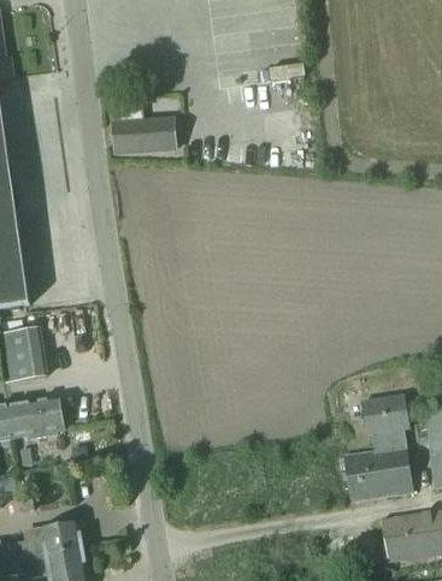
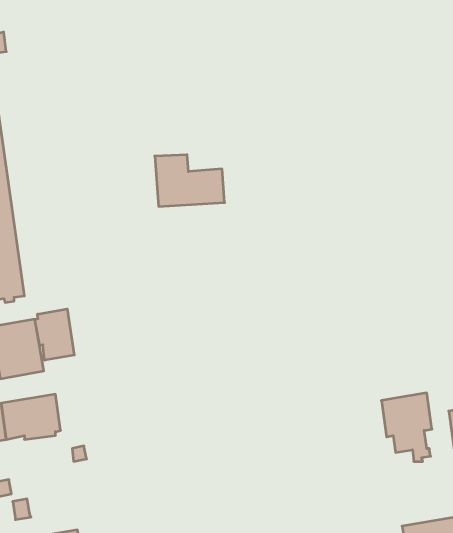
building: [112,103,177,152] -> [155,155,225,206]
building: none -> [35,309,74,360]
building: [344,446,413,499] -> none

